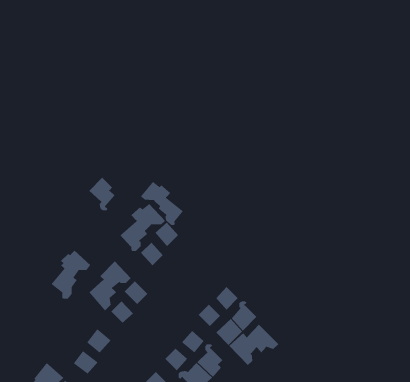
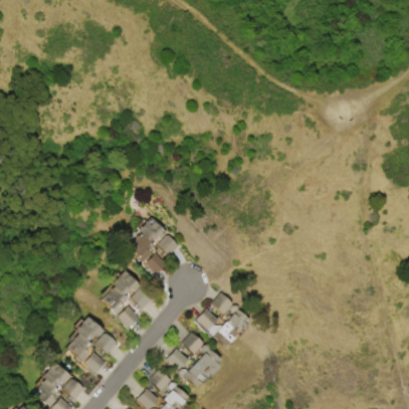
building: [89,177,116,211] -> none
building: [140,181,184,226] -> none
building: [50,250,91,300] -> [63,318,100,363]
building: [229,324,279,366] -> none

